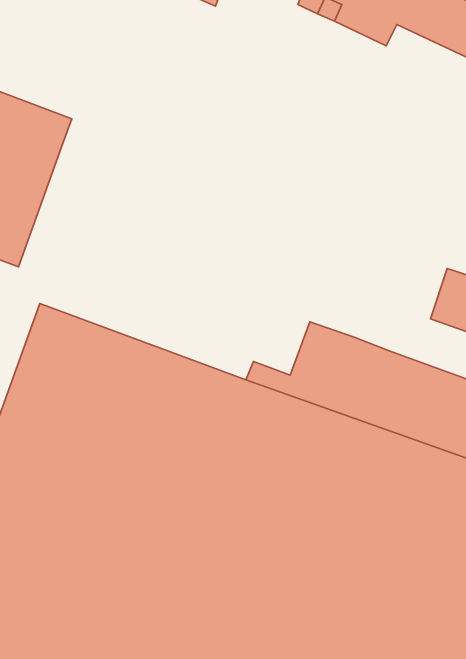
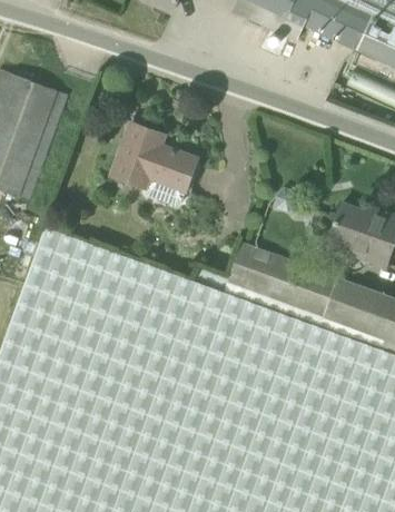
building: none -> [112,122,198,205]

